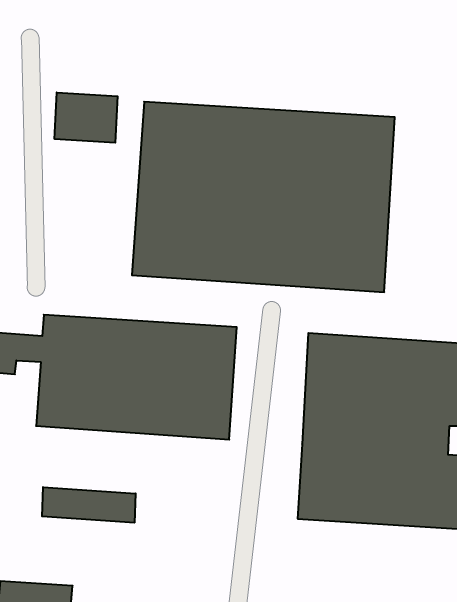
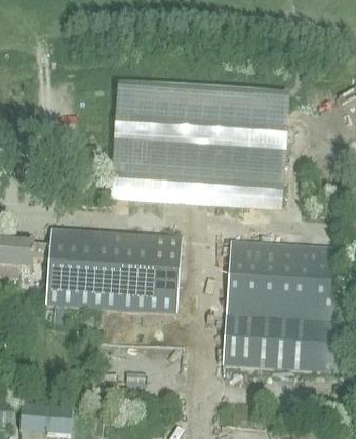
building: [55,92,118,143] -> none
building: [42,487,136,523] -> none

